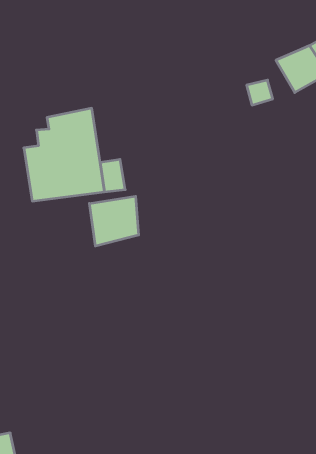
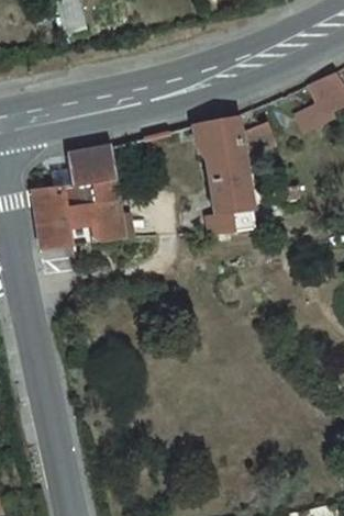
building: none -> [193,122,269,225]
building: [89,196,139,246] -> none

